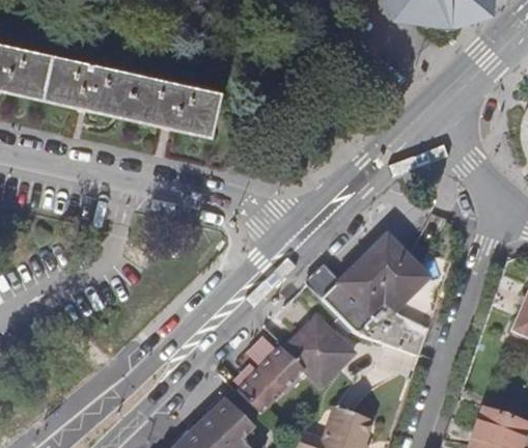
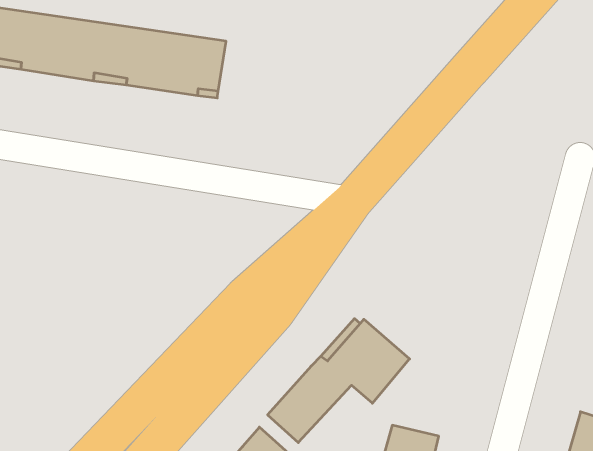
building: [306,243,424,359] -> none

